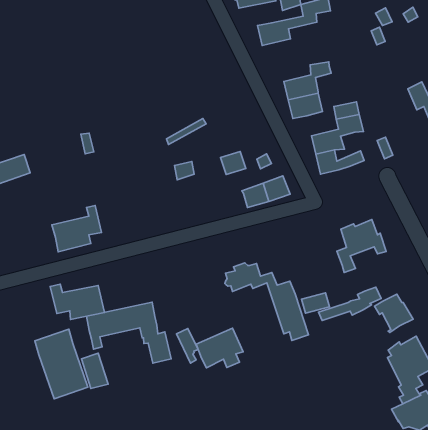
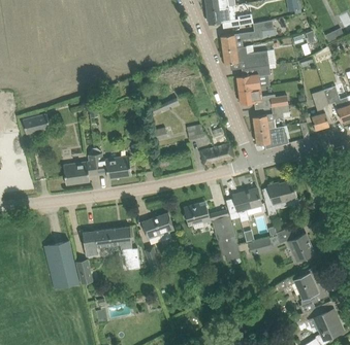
building: none -> [223,46,269,69]
building: none -> [312,90,329,130]
building: none -> [226,188,262,222]
building: [50,284,105,320] -> [95,153,132,179]
building: [196,328,243,368] -> [141,213,174,241]

